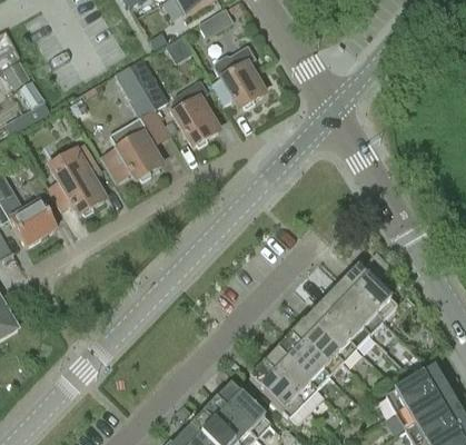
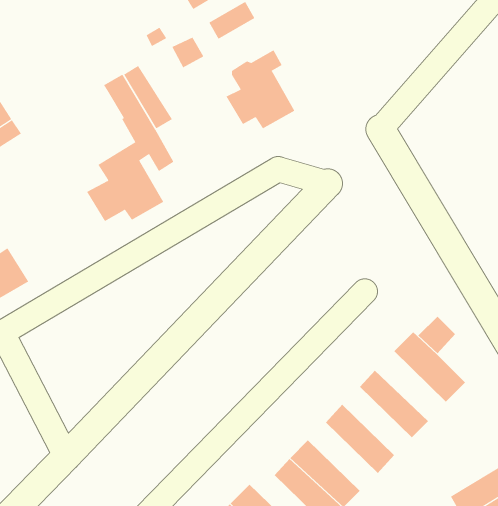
building: [170,81,219,146] -> none
building: [49,145,106,214] -> none
building: [327,281,383,336] -> none
building: [301,309,356,363] -> none
building: [275,337,329,390] -> none

